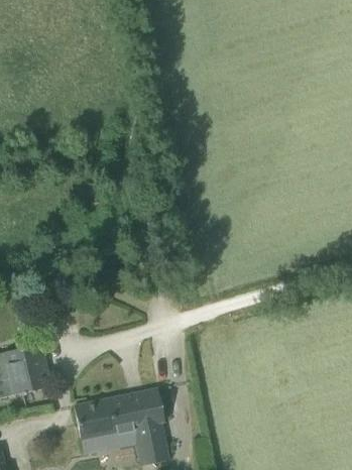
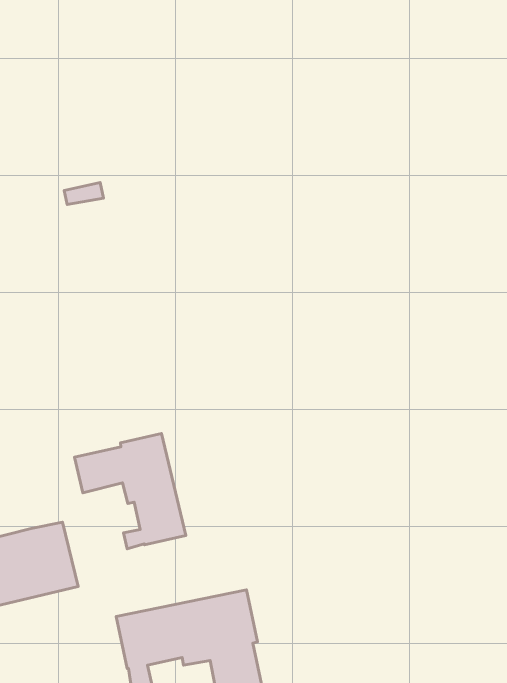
building: none -> [75,433,186,549]

